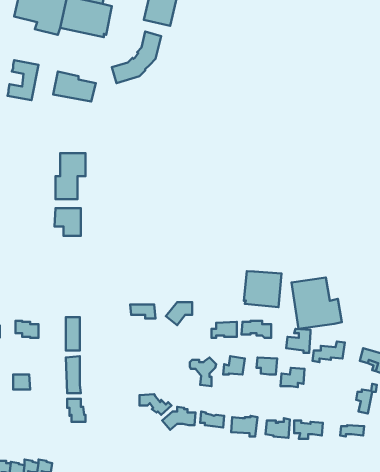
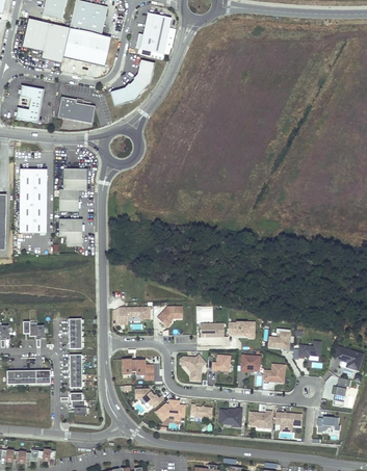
building: none -> [14,168,47,233]
building: [244,271,281,307] -> none
building: [292,277,342,329] -> none
building: none -> [122,358,153,378]

